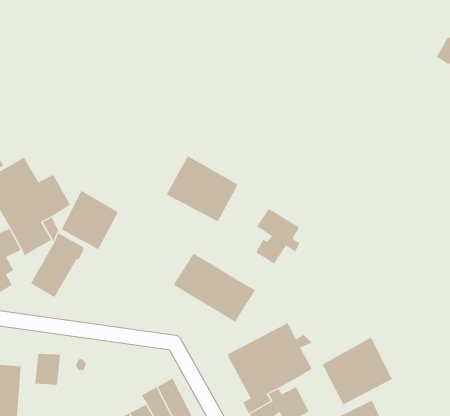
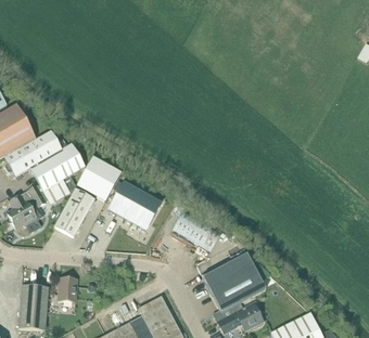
building: [166,155,239,222] -> [106,181,161,231]
building: [255,208,301,265] -> none
building: [322,337,392,405] -> none

